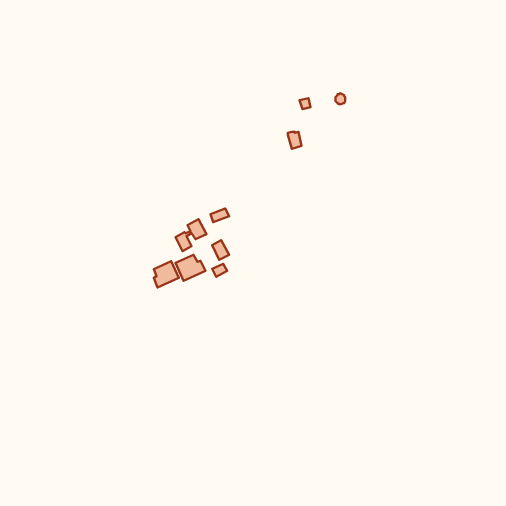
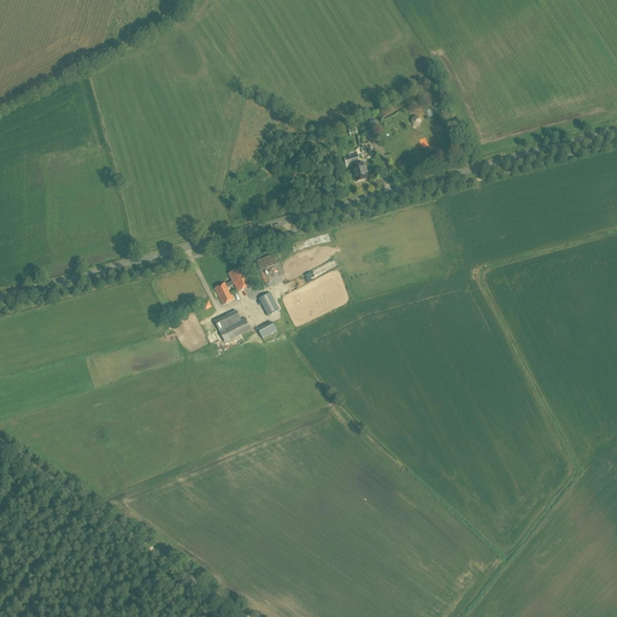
building: [154,261,179,287] -> none

